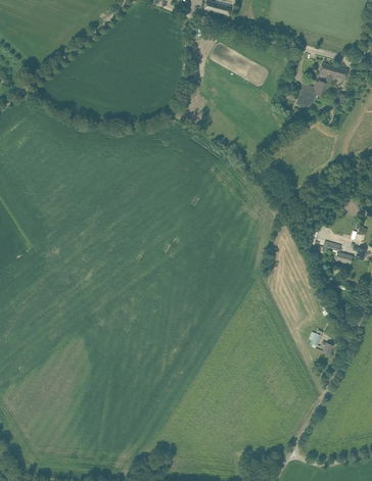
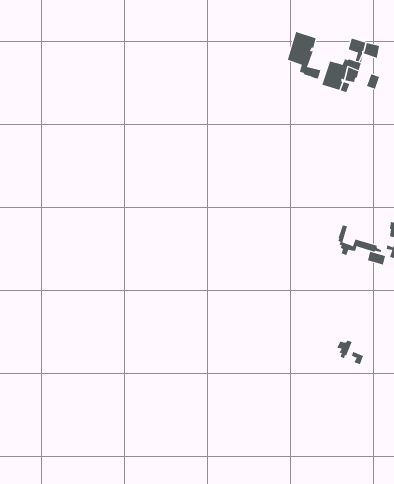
building: none -> [287,31,321,79]

